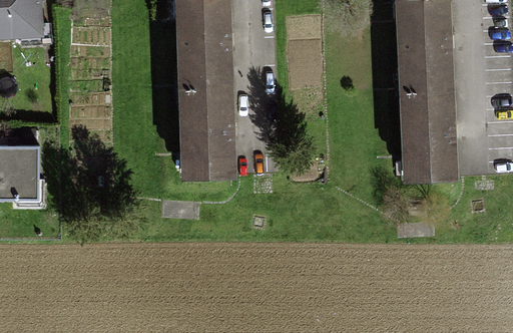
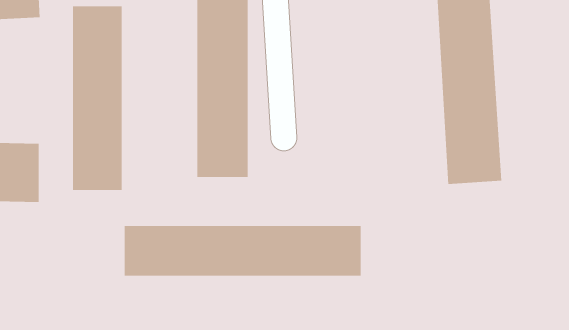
building: none -> [72,6,122,191]
building: none -> [124,225,361,277]

